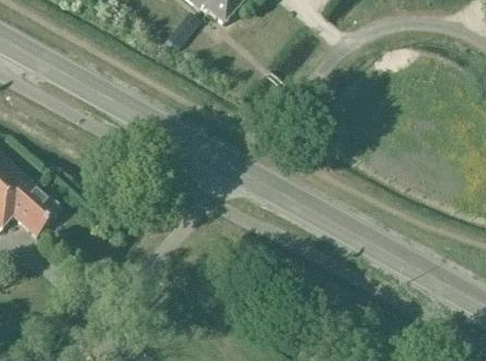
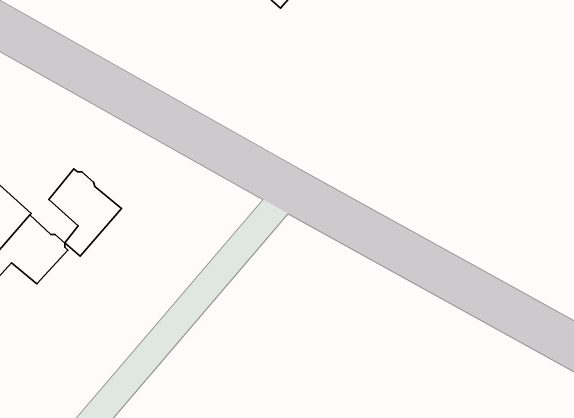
building: none -> [49,169,121,256]

